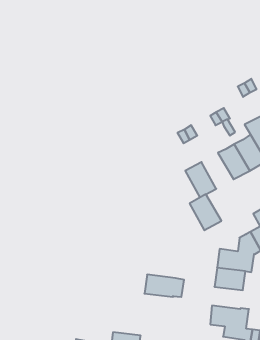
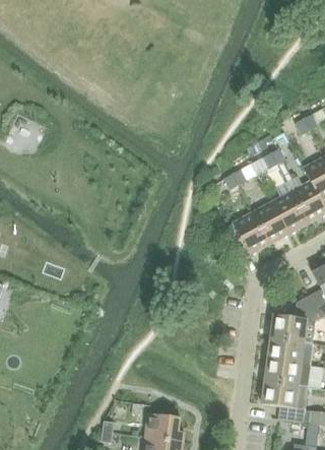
building: [190,194,221,230] -> [252,201,289,244]
building: [144,275,184,297] -> [264,360,311,386]

